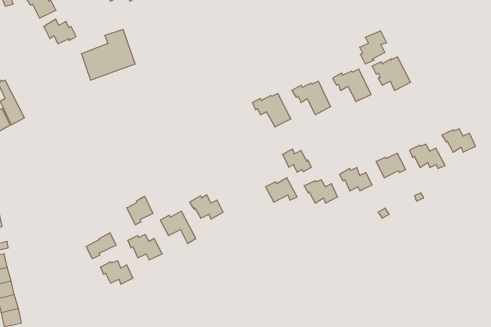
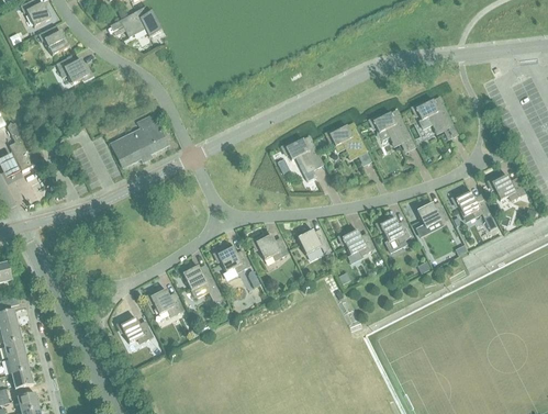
building: [81,29,135,80] -> [113,111,171,166]
building: [360,31,386,64] -> none
building: [283,149,311,172] -> none
building: none -> [253,234,289,259]
building: [127,196,153,225] -> none
building: [86,233,116,259] -> none

